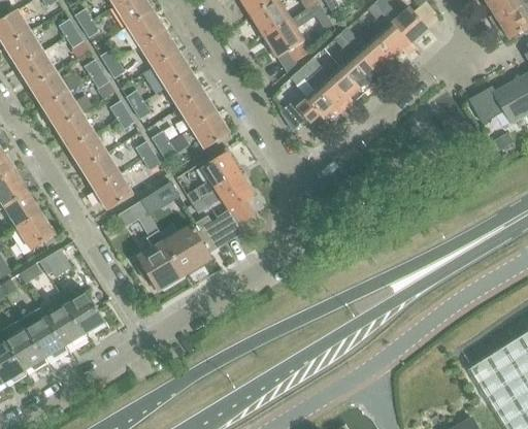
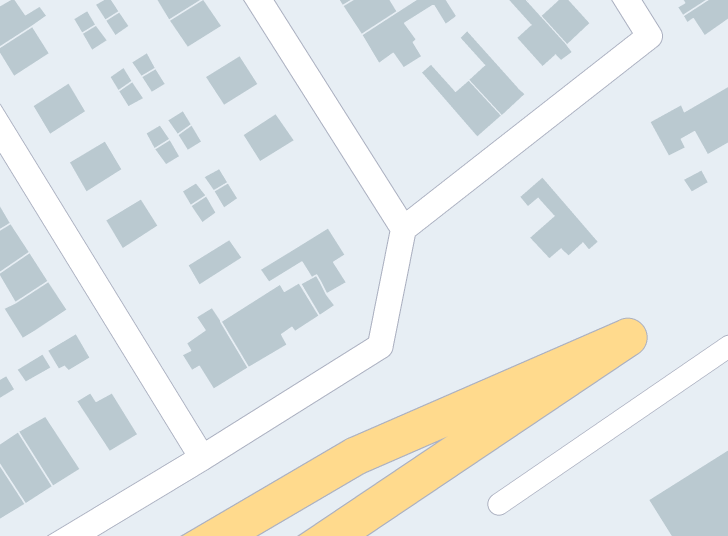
building: [339,28,393,75] -> none
building: [140,31,177,67] -> none
building: [16,51,56,88] -> none
building: [290,64,346,123] -> [519,177,599,259]
building: [166,72,203,108] -> none
building: [42,92,91,128] -> none
building: [192,112,229,148] -> none
building: [68,133,107,169] -> none
building: [186,152,240,204] -> none
building: [94,173,133,209] -> none
building: [119,201,158,237] -> none
building: [39,298,85,346] -> none

